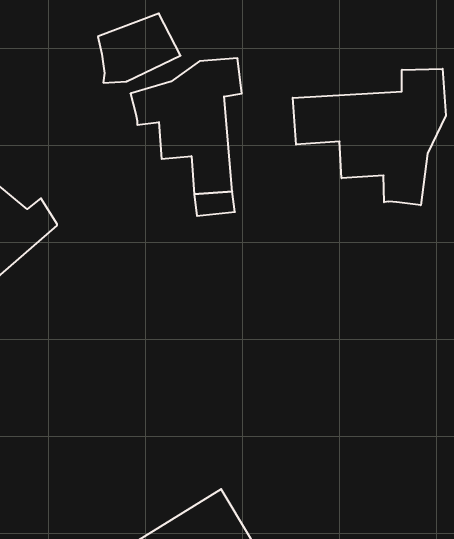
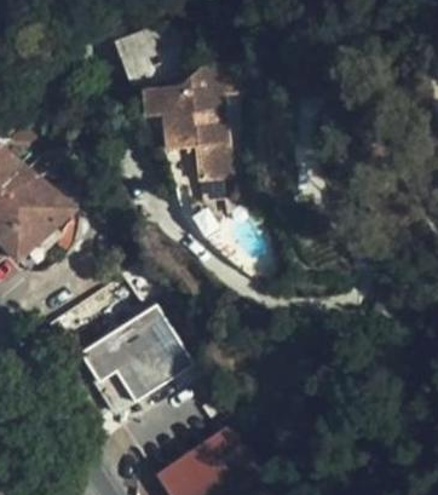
building: [293,69,446,205] -> none
building: none -> [69,305,192,424]

